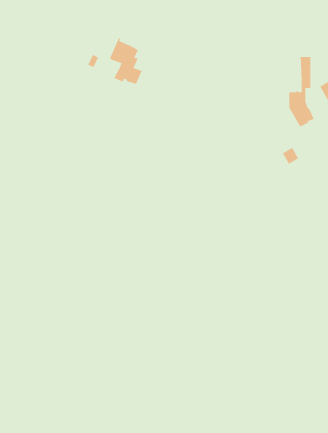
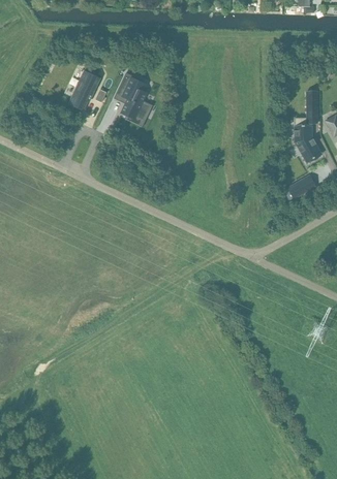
building: none -> [68,69,100,109]

